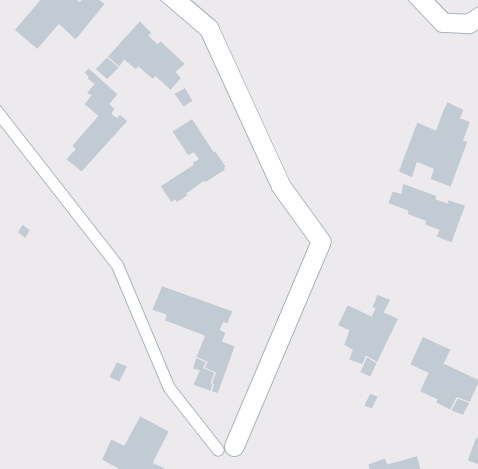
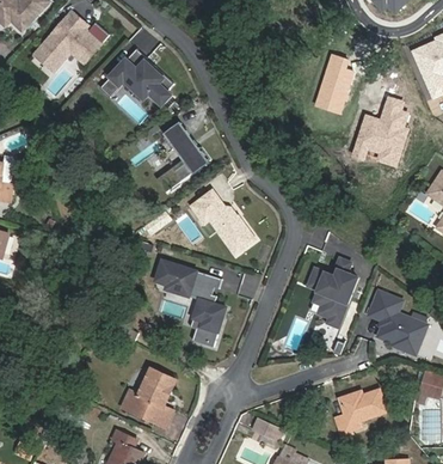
building: none -> [313,54,352,112]
building: [65,68,128,173] -> none
building: [387,183,466,243] -> none
building: none -> [191,191,256,255]

